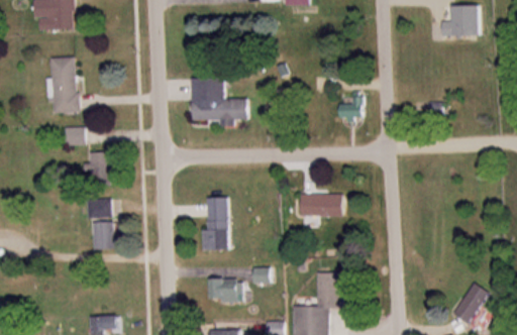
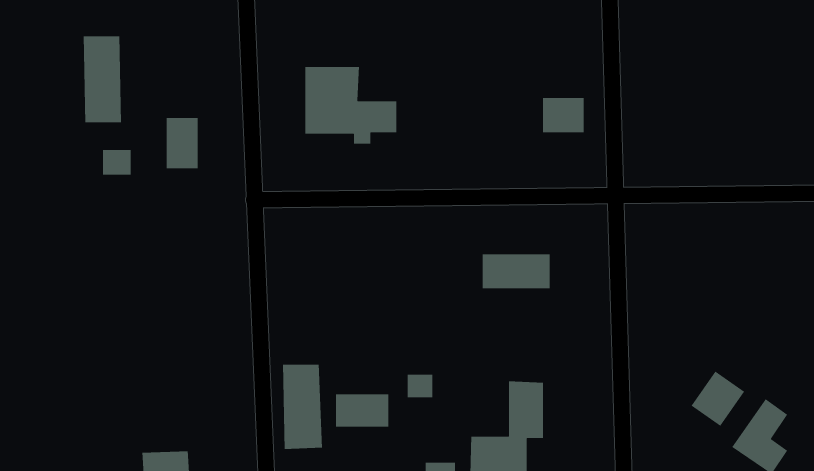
building: [88,151,108,184] -> [166,117,199,169]
building: [203,197,228,250] -> [282,364,323,450]
building: [85,200,112,249] -> none
building: none -> [690,370,745,427]

